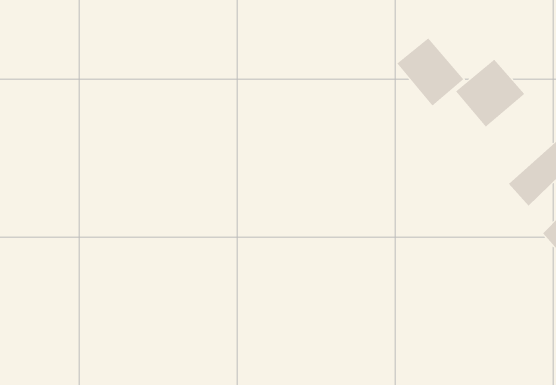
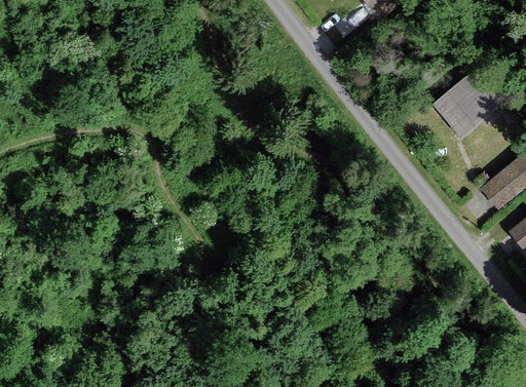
building: [396,37,464,106] -> none

